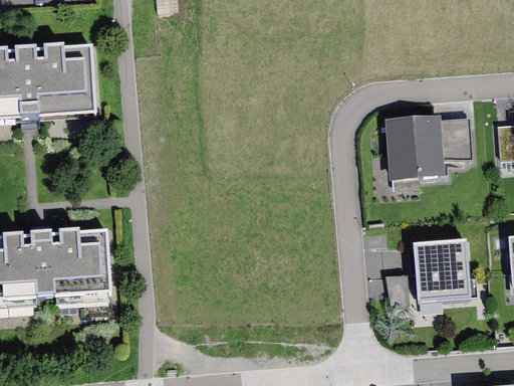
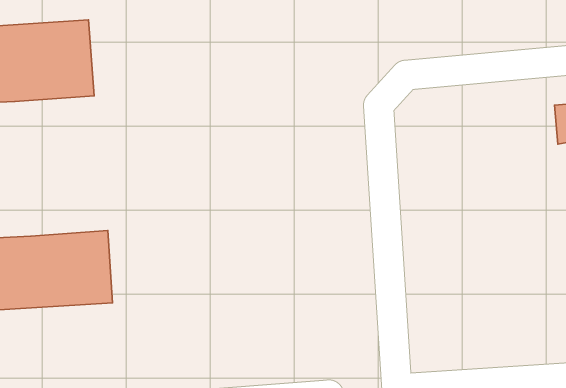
building: [386,112,471,173] -> none
building: [413,242,469,304] -> none

